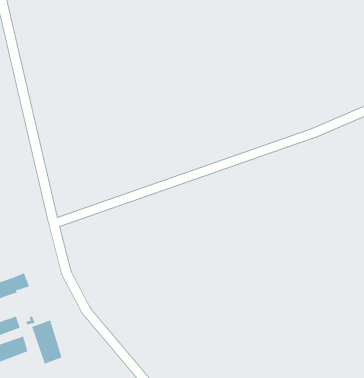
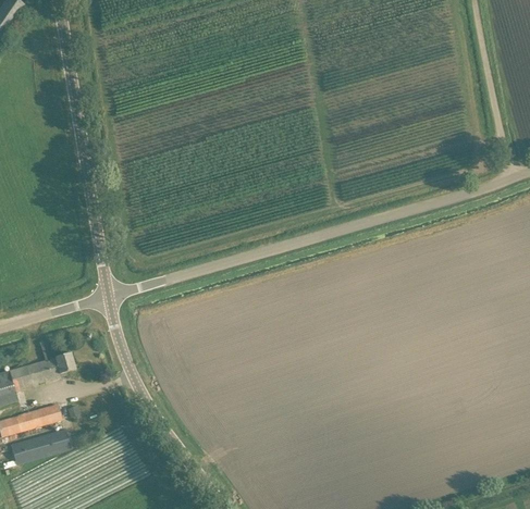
building: [32,320,62,365] -> none

